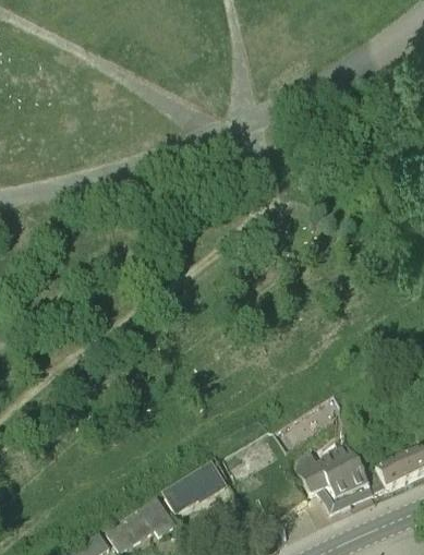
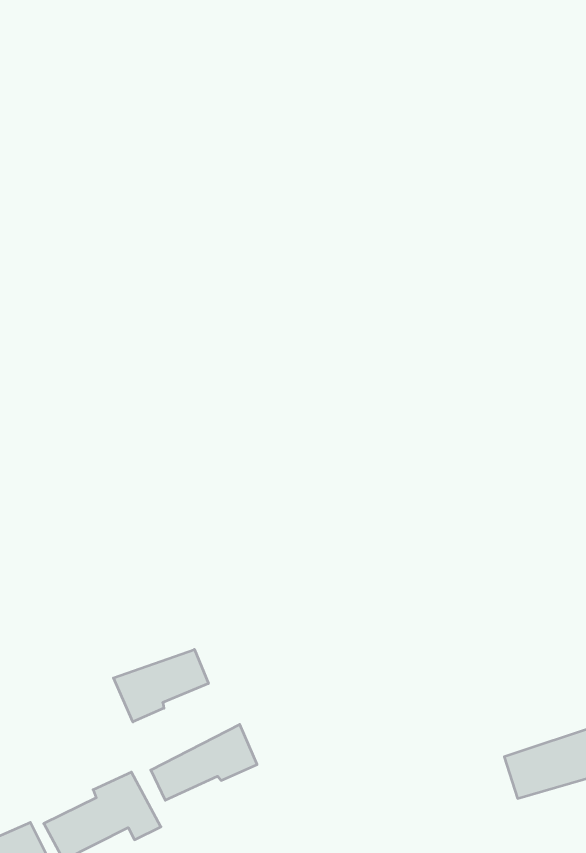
building: none -> [113,649,208,722]
building: [300,447,373,510] -> none

